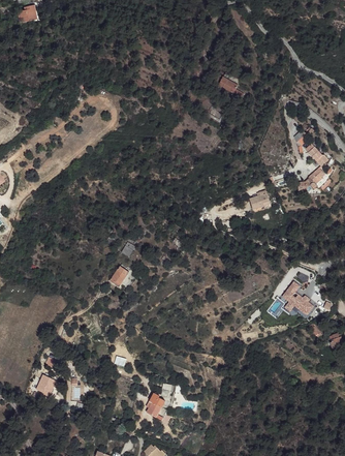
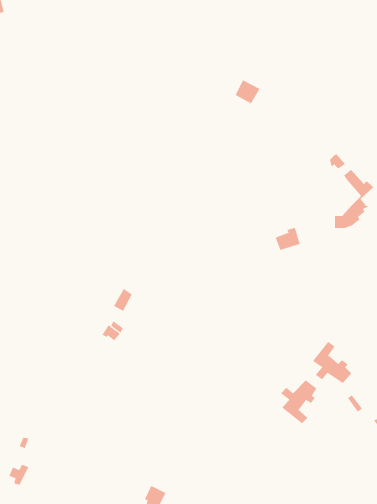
building: none -> [280,380,317,424]

